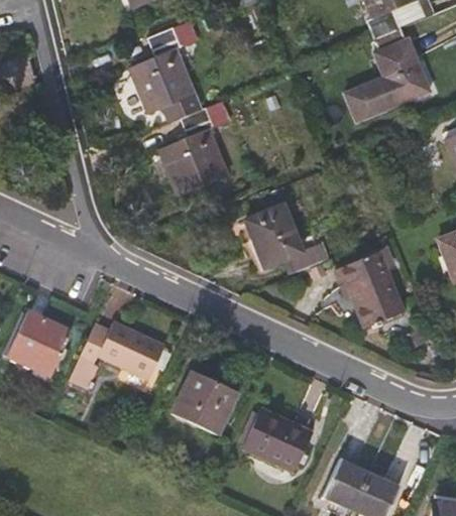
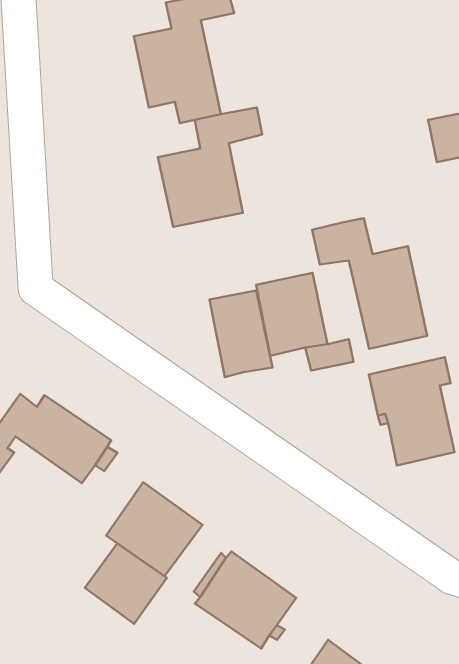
building: none -> [312,218,427,349]
building: none -> [209,290,273,377]
building: none -> [85,544,167,624]

